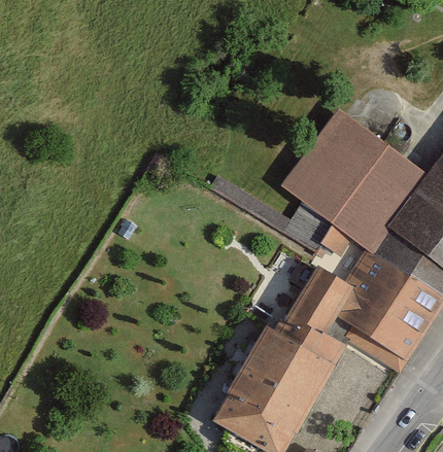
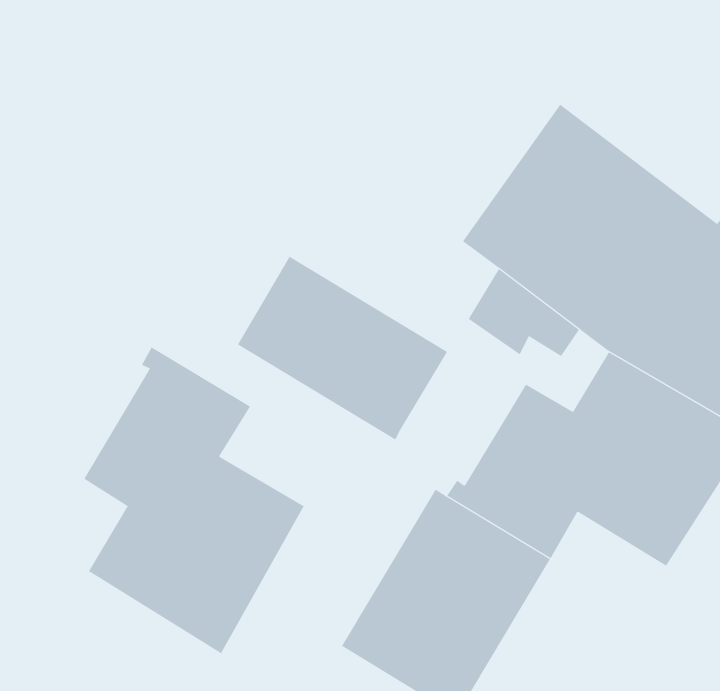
building: none -> [237,256,448,440]
building: none -> [83,347,305,654]

